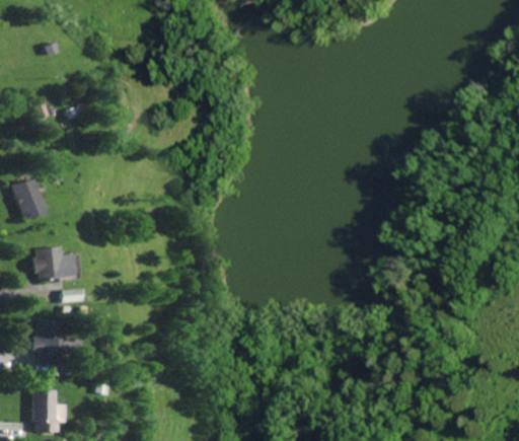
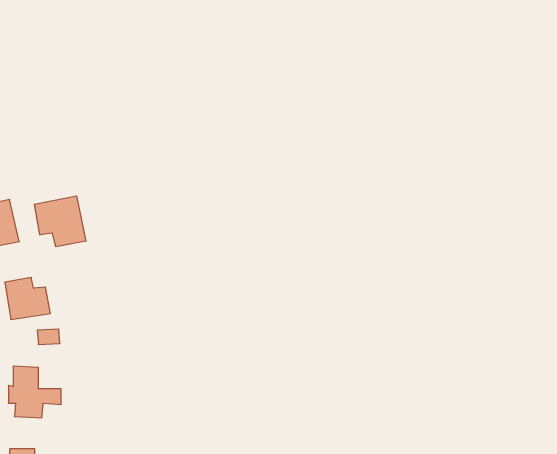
building: none -> [34,196,86,247]

